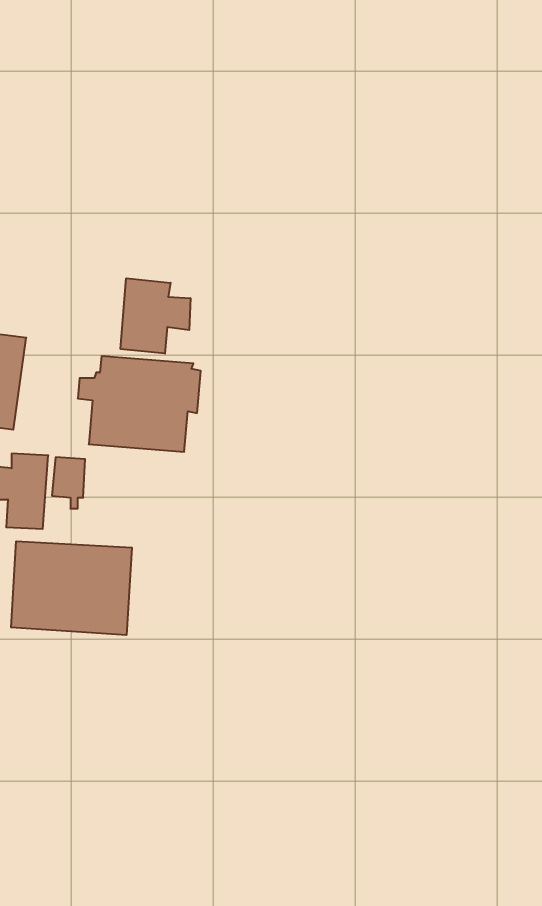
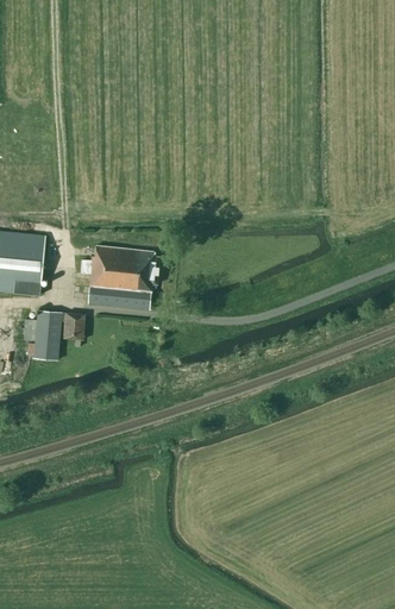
building: [121,278,190,354] -> none
building: [11,541,132,635] -> none

